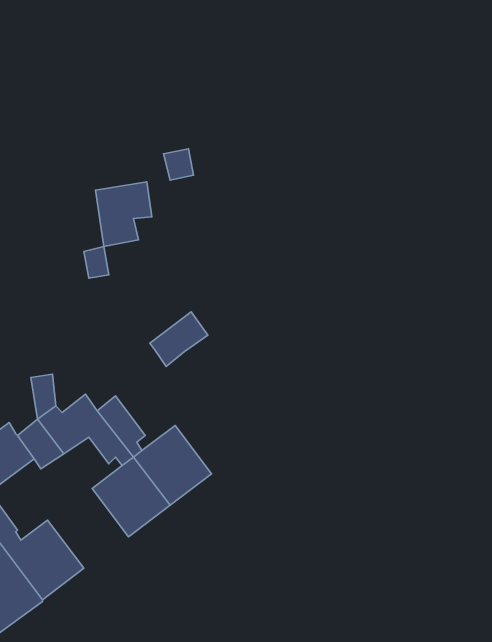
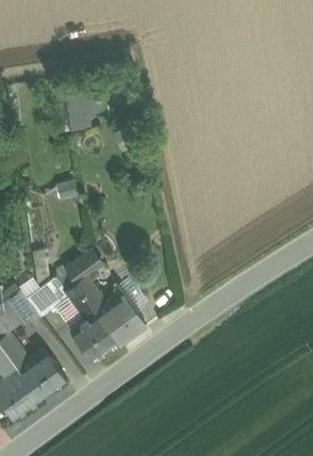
building: [95,182,152,247] -> [63,91,98,130]
building: [150,312,208,367] -> [61,249,97,282]

